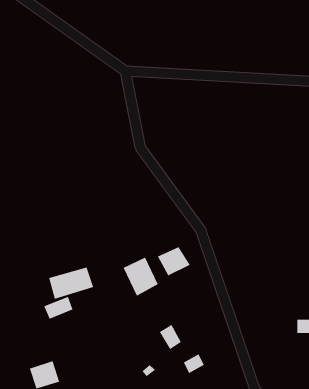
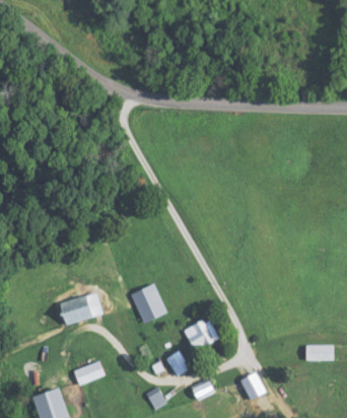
building: [157,246,191,276] -> [184,321,218,351]
building: [43,296,73,320] -> [72,361,102,386]
building: none -> [239,371,267,401]

